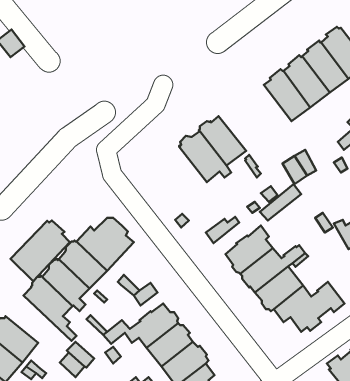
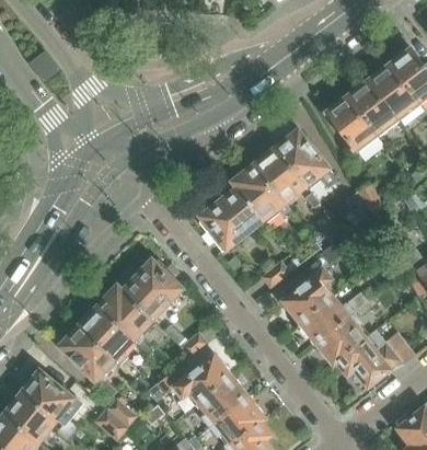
building: none -> [275,131,346,189]
building: none -> [199,183,262,254]
building: [10,220,70,281] -> none

